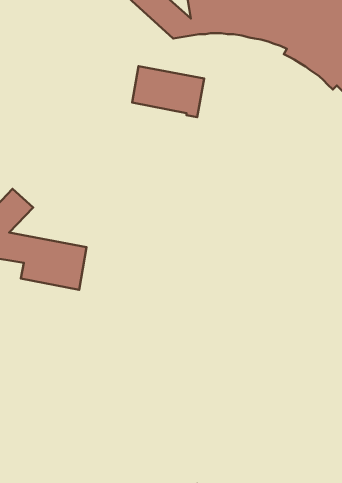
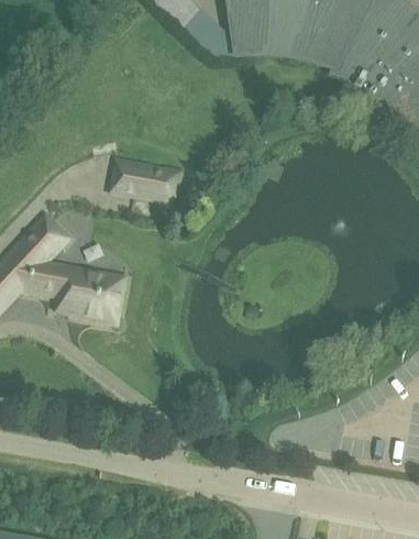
building: [132,66,204,117] -> [110,155,186,209]

